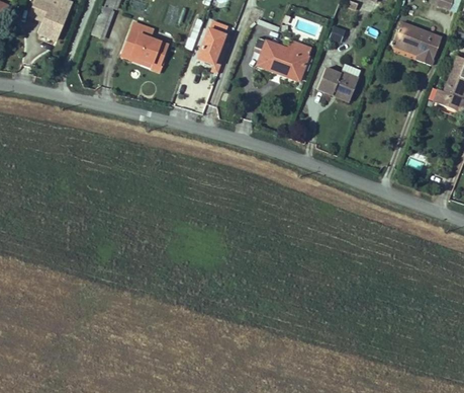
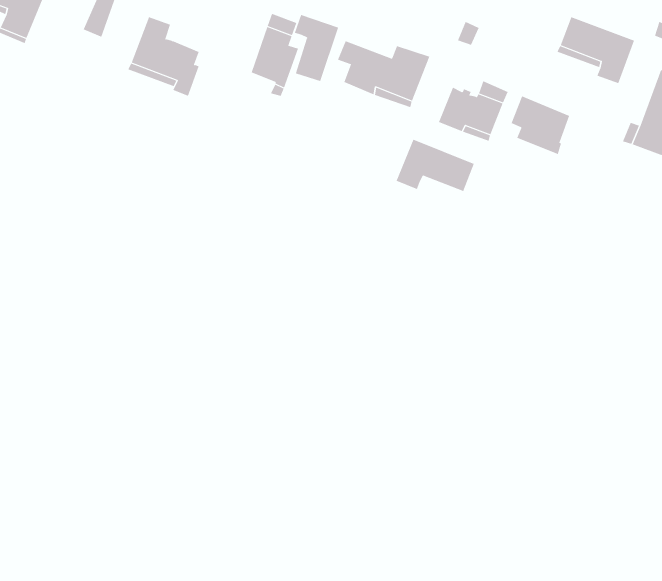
building: none -> [294,14,339,82]
building: none -> [511,95,570,155]
building: none -> [396,139,475,192]

